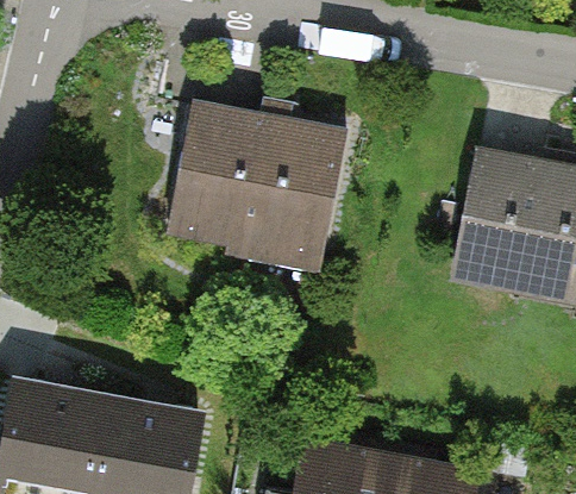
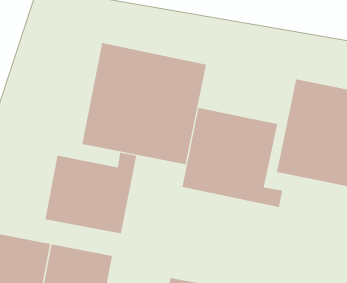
building: none -> [182,107,283,208]
building: none -> [45,152,137,234]

